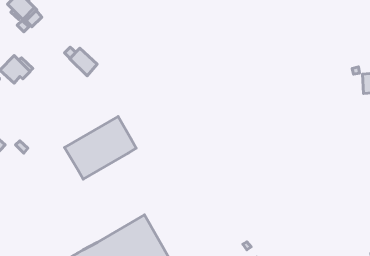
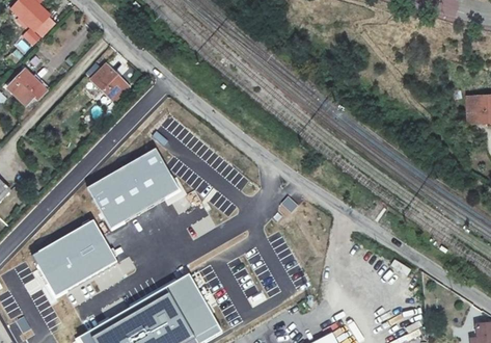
building: none -> [30,220,116,298]

